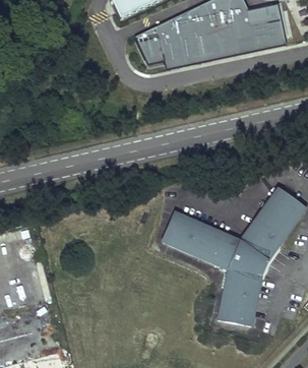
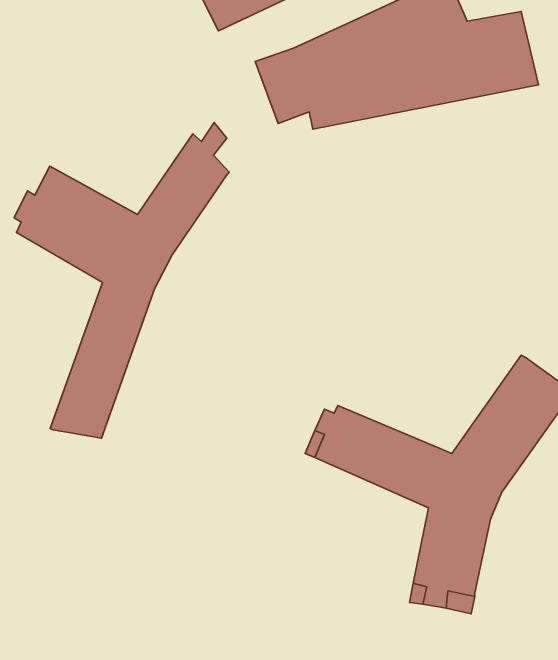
building: none -> [14,122,229,438]

